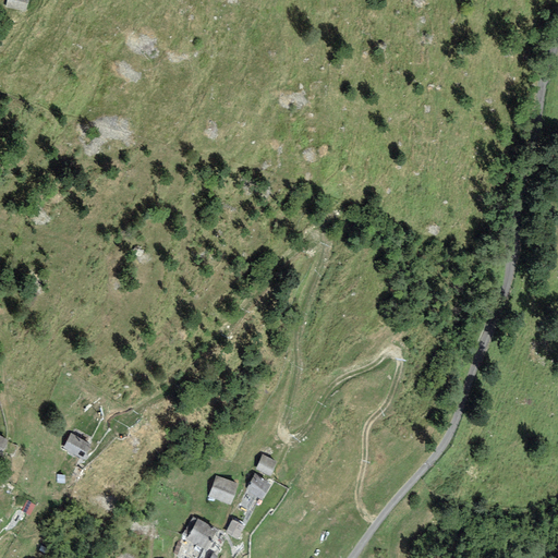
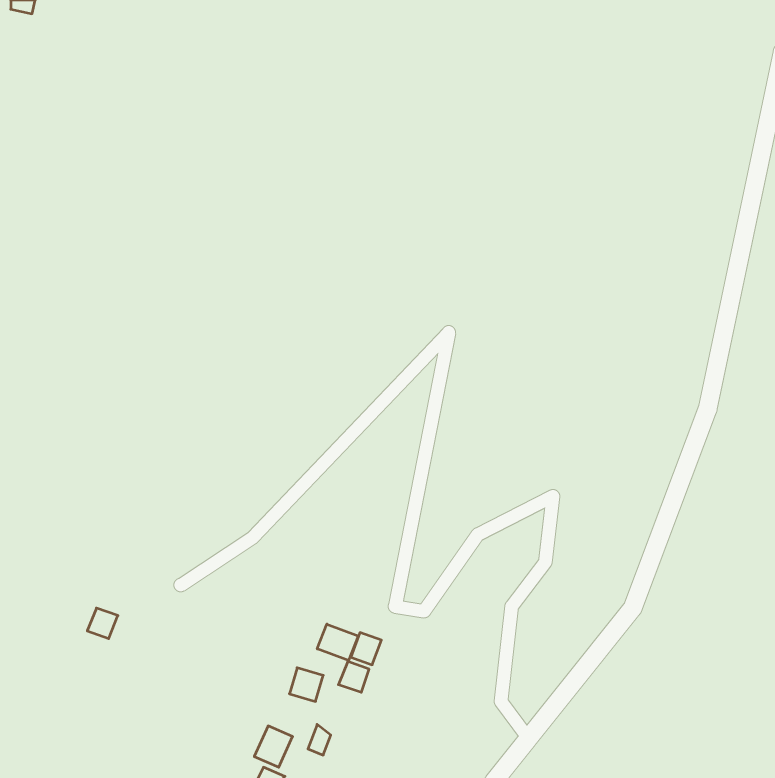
building: none -> [317,624,358,661]

